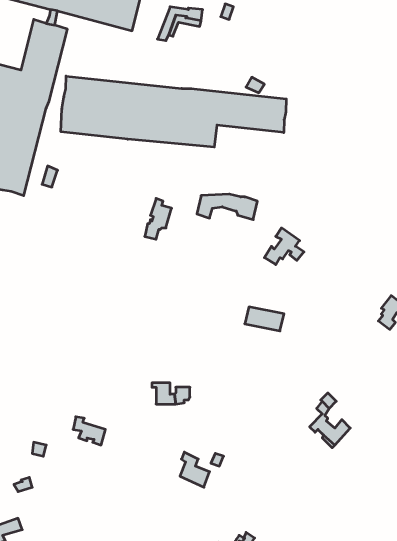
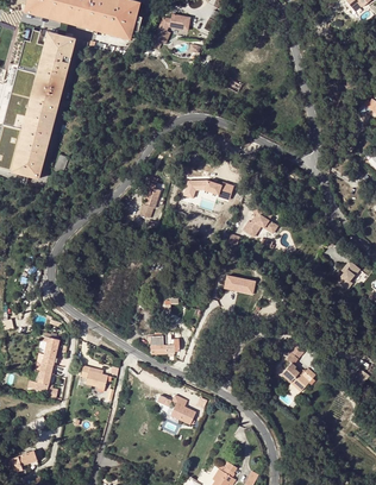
building: [61,76,286,147] -> none
building: none -> [30,332,59,392]

